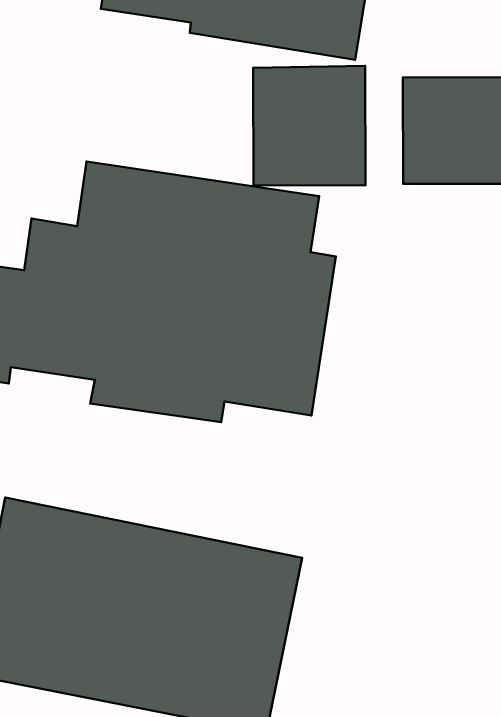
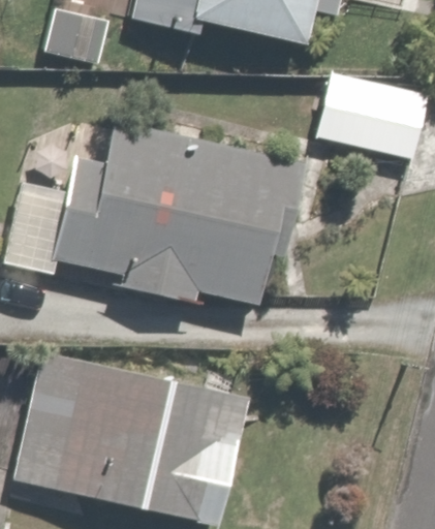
building: [253,66,366,185] -> none

